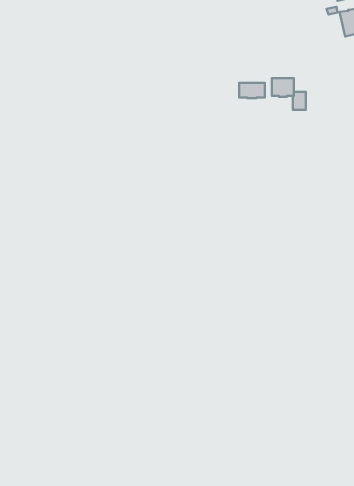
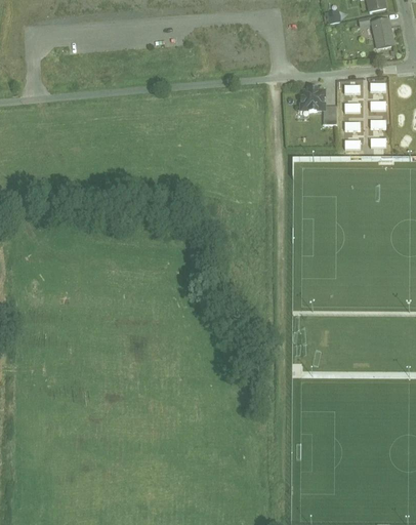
building: [239,83,265,98] -> none

